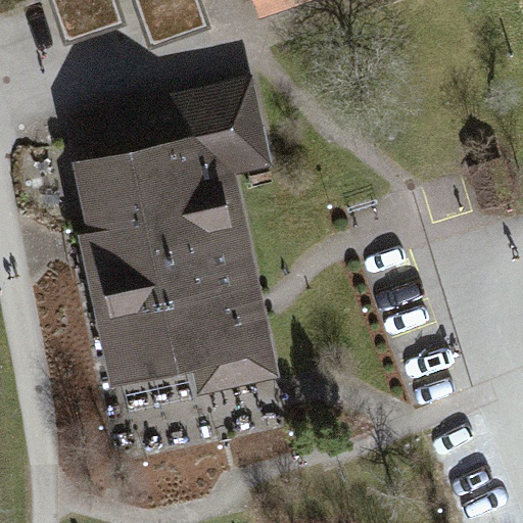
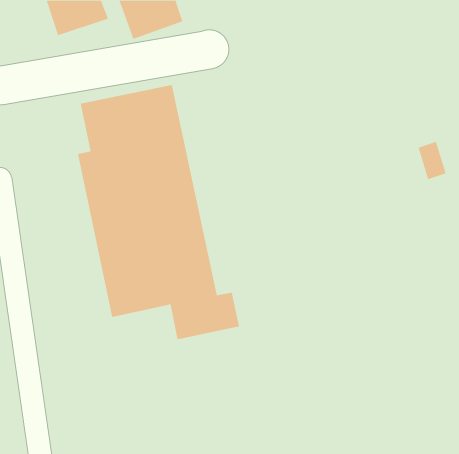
building: [196,90,265,341] -> none

